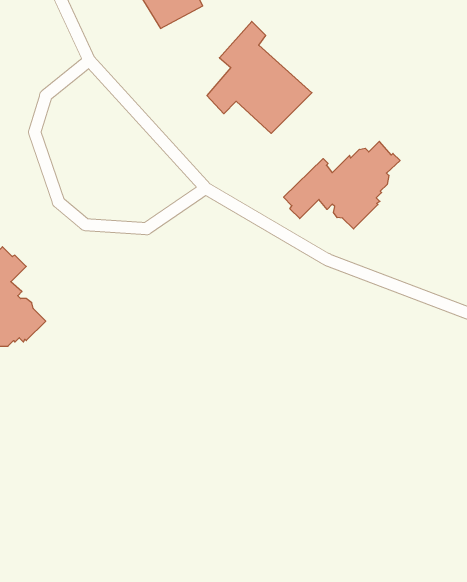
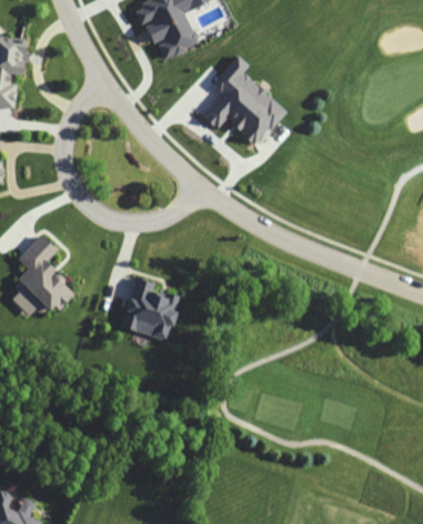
building: [284,141,400,229] -> none
building: none -> [119,275,179,342]

